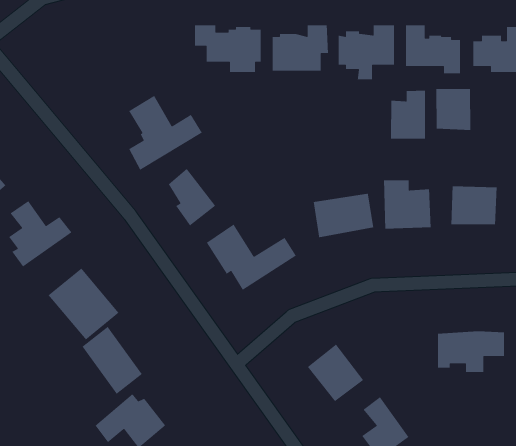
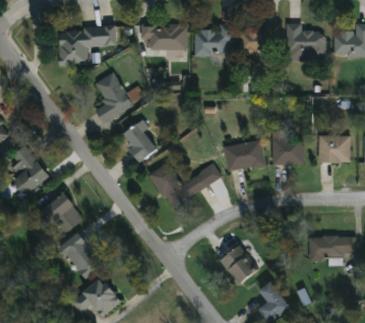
building: none -> [59,24,116,66]
building: [436,88,471,131] -> none
building: [390,90,426,139] -> none

